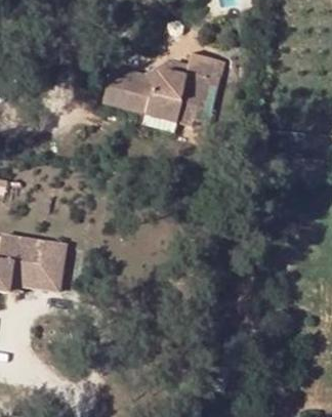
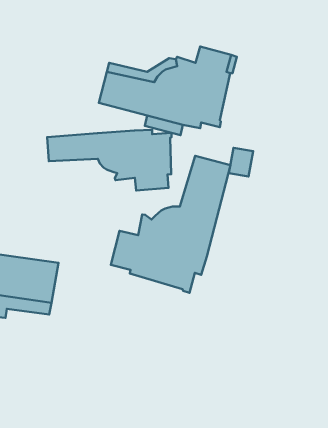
building: none -> [47,130,171,190]
building: none -> [111,156,230,293]

